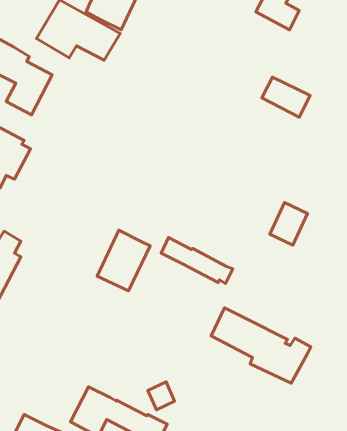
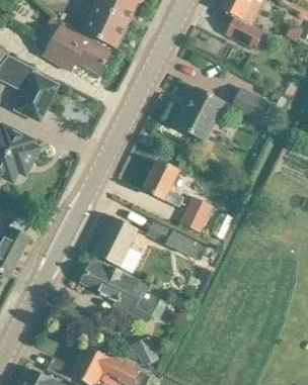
building: none -> [175,86,224,139]
building: none -> [144,160,183,206]
building: [270,203,308,245] -> [181,196,213,231]
building: [211,308,311,383] -> [81,258,164,320]

